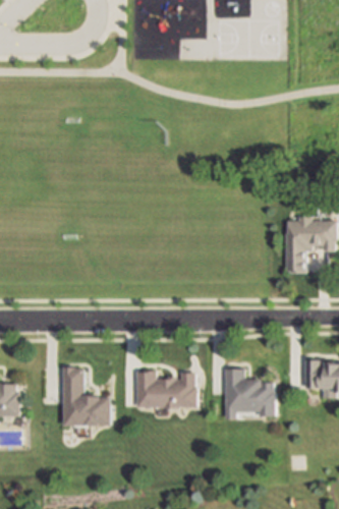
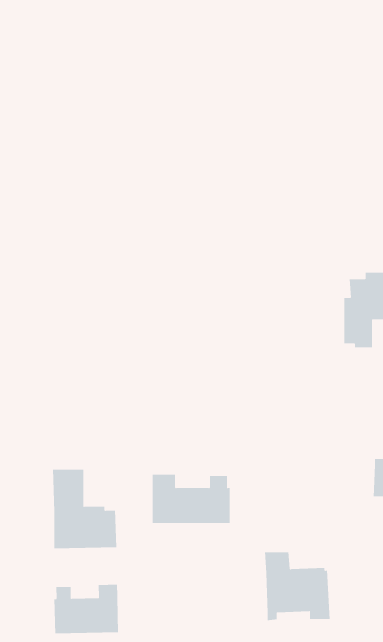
building: [225,366,276,419] -> [264,552,331,621]
building: none -> [54,584,119,634]

